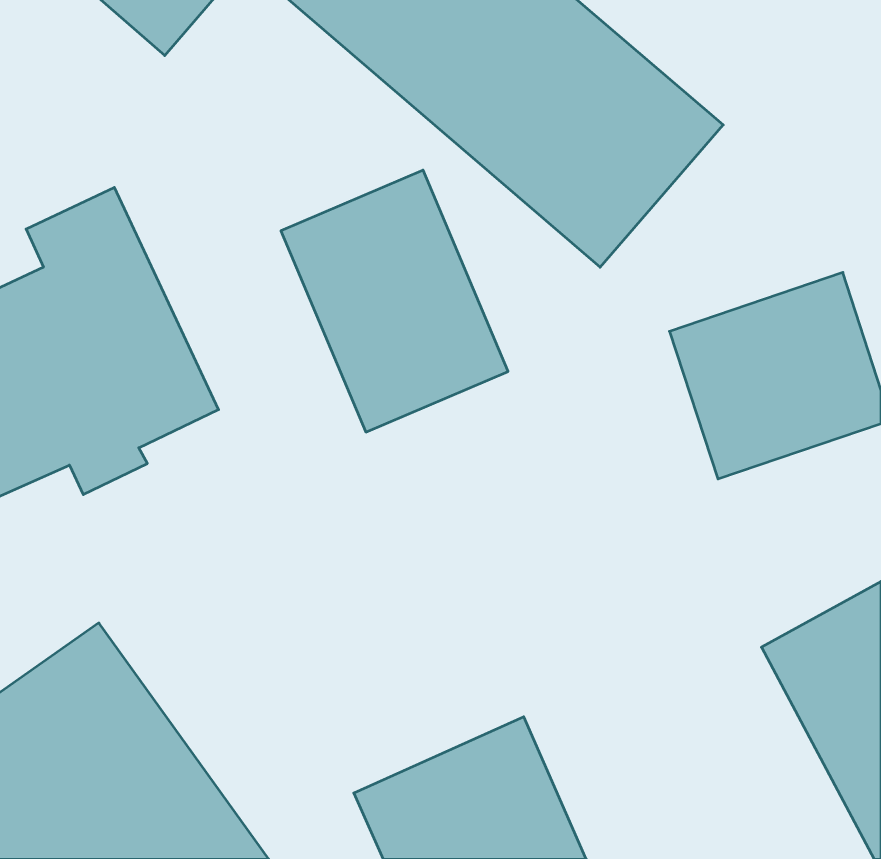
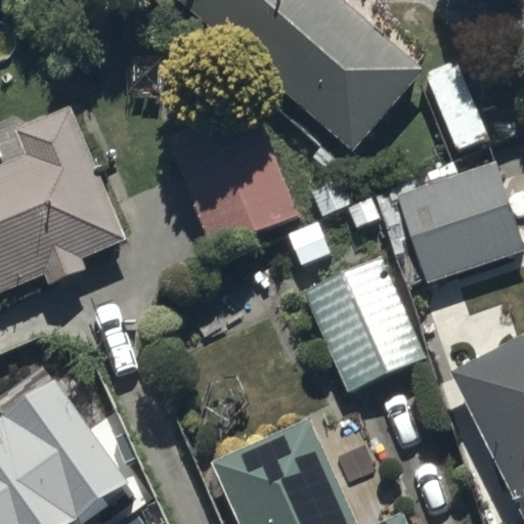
building: none -> [303,257,428,394]

